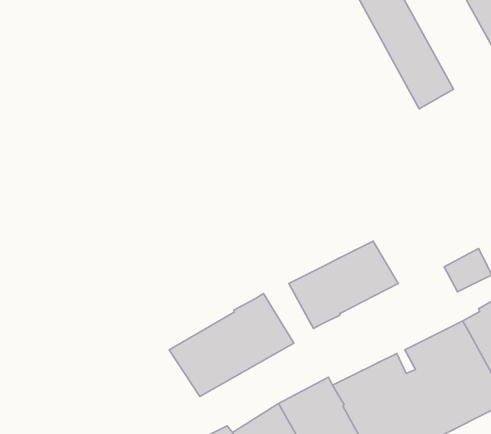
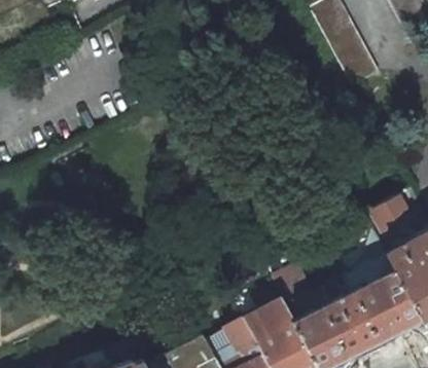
building: [289,241,398,329] -> none
building: [169,293,294,397] -> none

